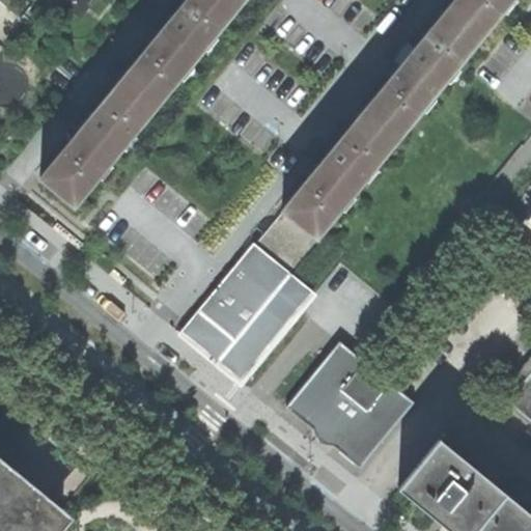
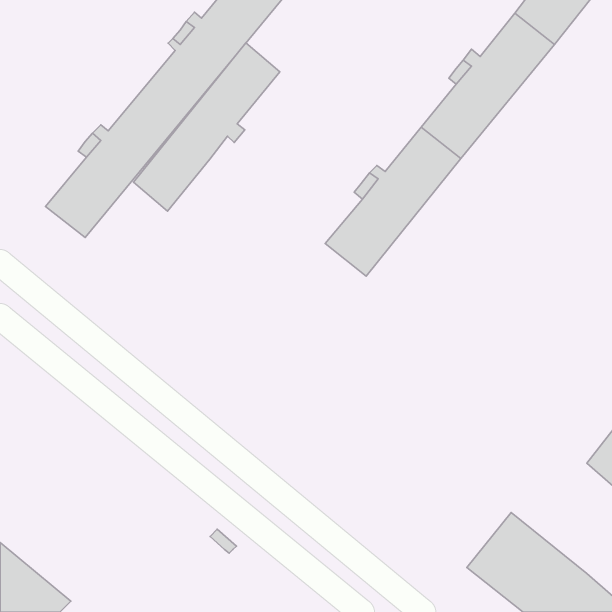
building: none -> [133,43,280,211]
building: [180,211,317,382] -> none
building: [285,340,414,468] -> none

